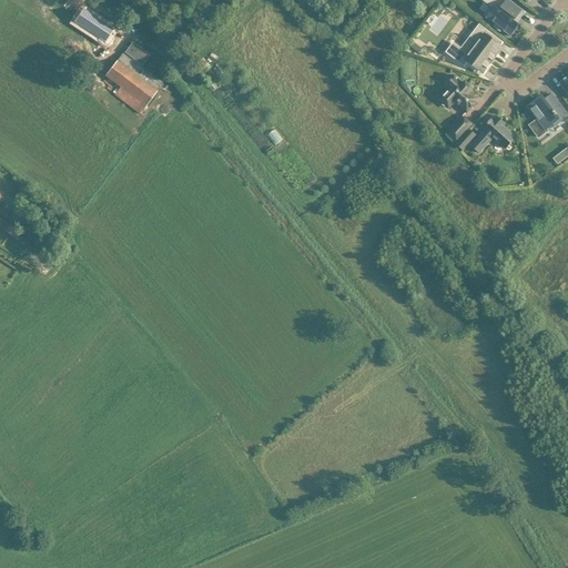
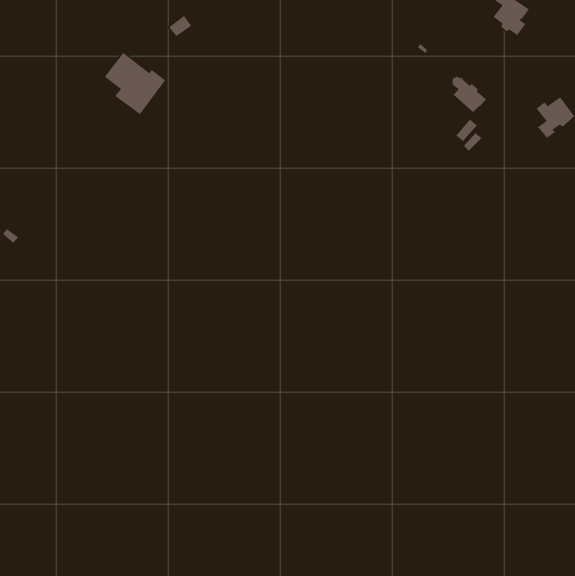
building: [71,8,112,42] -> none
building: [444,23,501,71] -> none
building: [469,116,514,152] -> none

